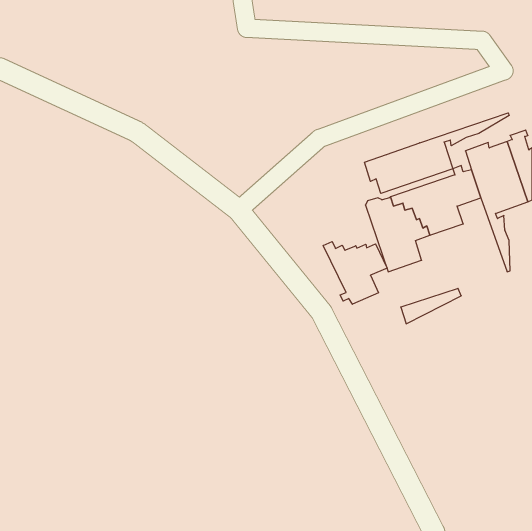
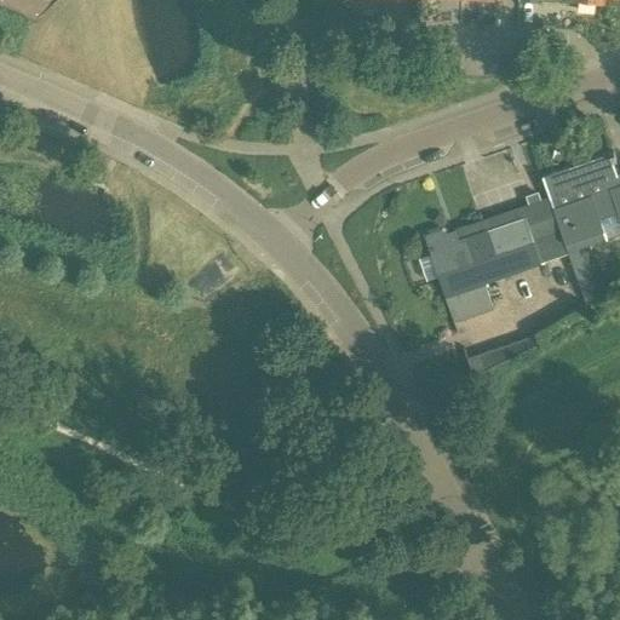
building: [364,113,509,193] -> none
building: [323,242,387,304] -> none

